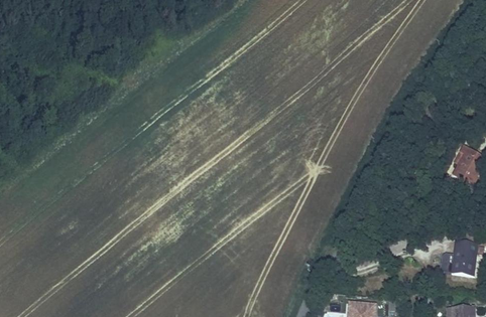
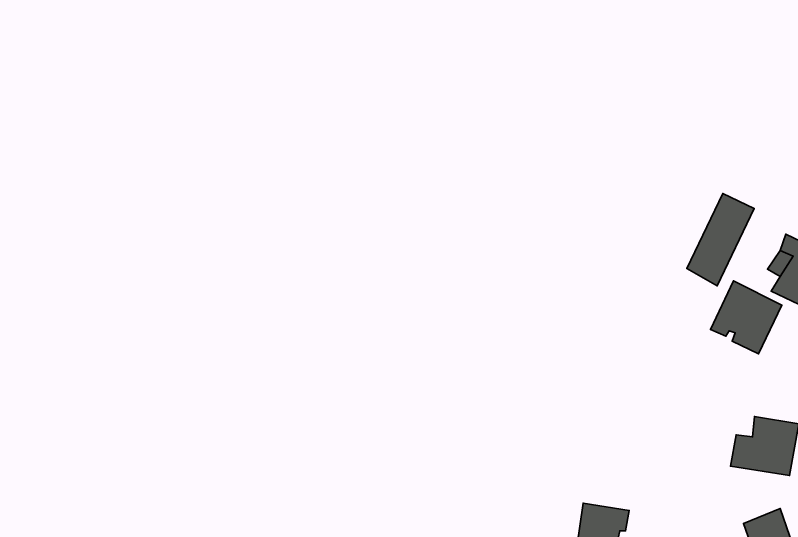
building: none -> [687,193,754,286]
building: none -> [710,281,782,354]

